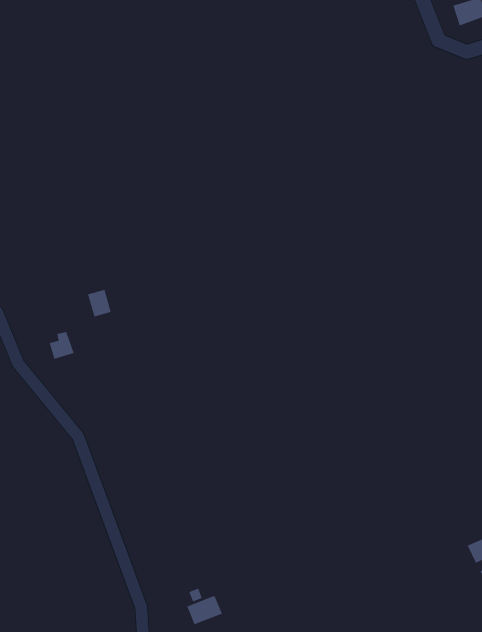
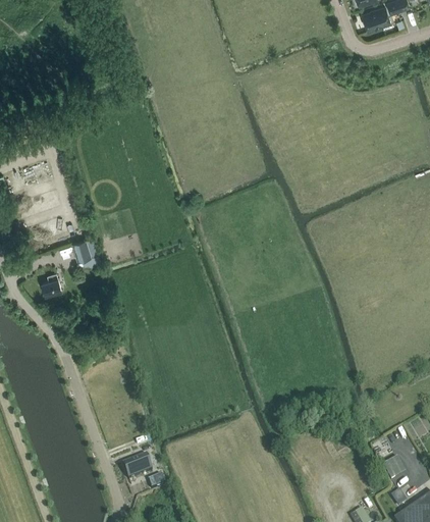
building: [186,594,223,625] -> [123,454,153,478]

